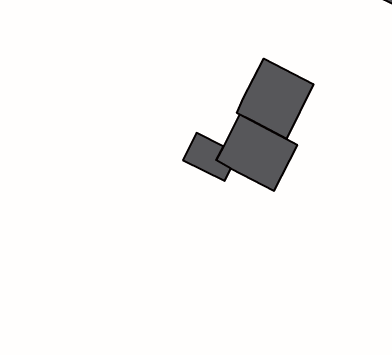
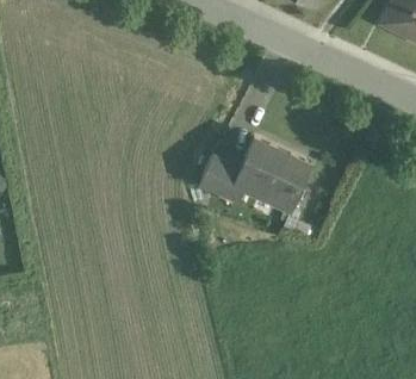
building: [237,59,313,139] -> none

